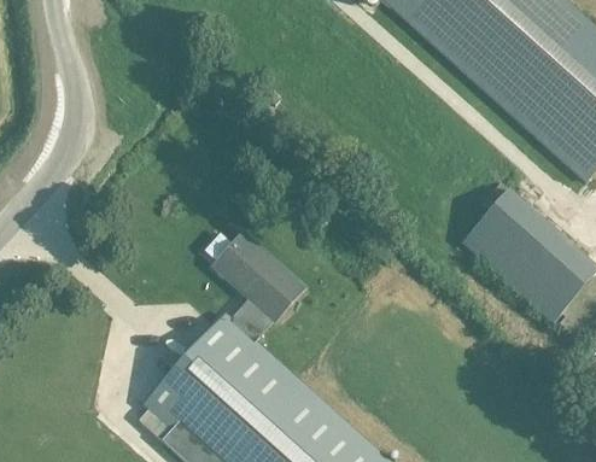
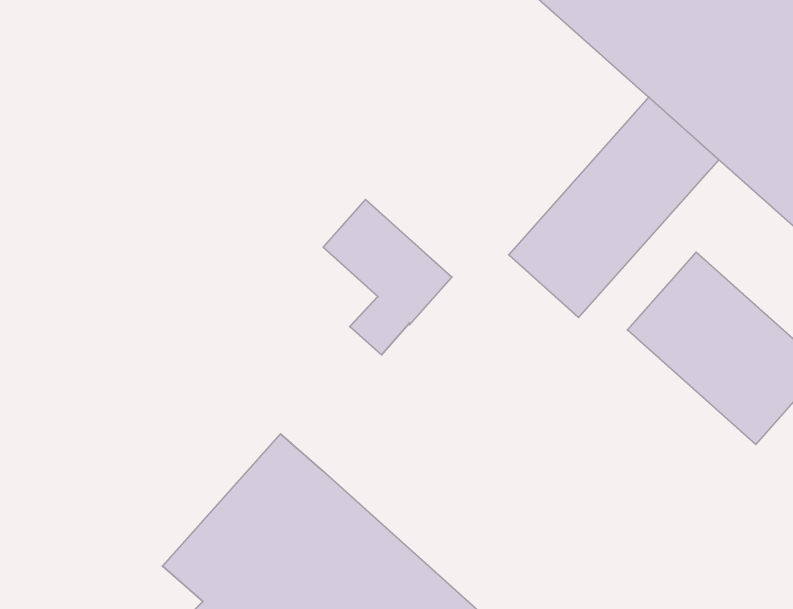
building: none -> [509,97,719,317]
building: [215,233,303,339] -> [323,200,452,355]

